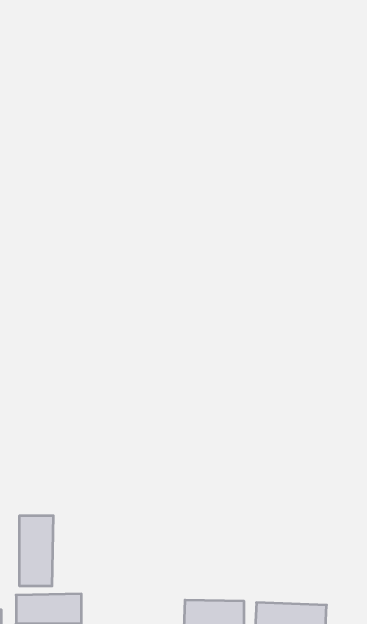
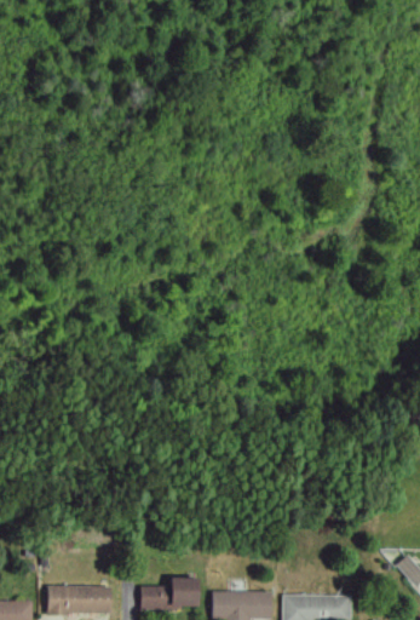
building: [20,516,53,586] -> none
building: none -> [140,576,199,609]

